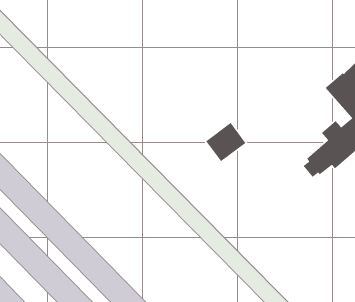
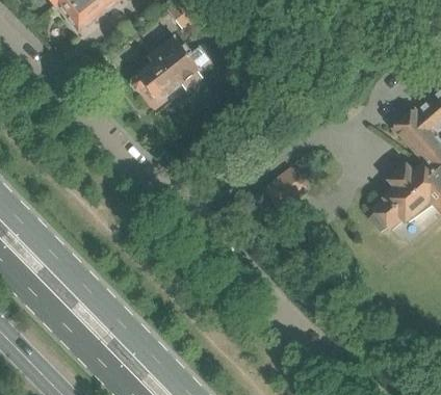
building: none -> [132,35,204,102]

